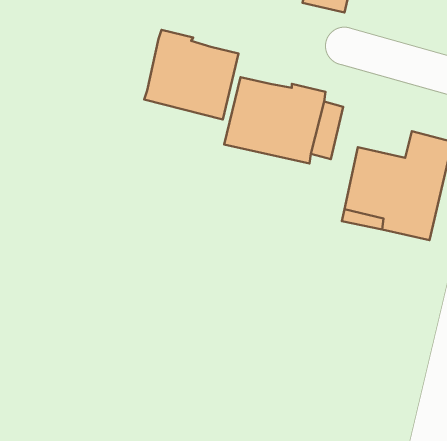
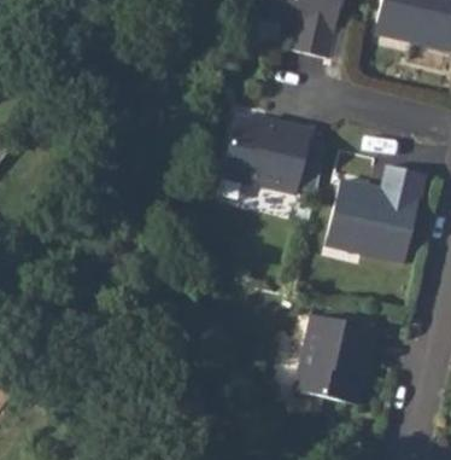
building: [144,30,238,120] -> none
building: none -> [293,314,375,402]

